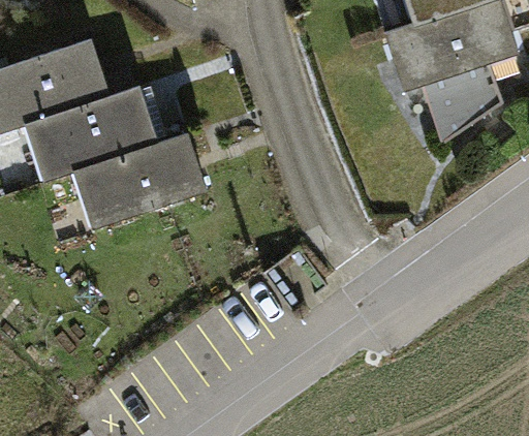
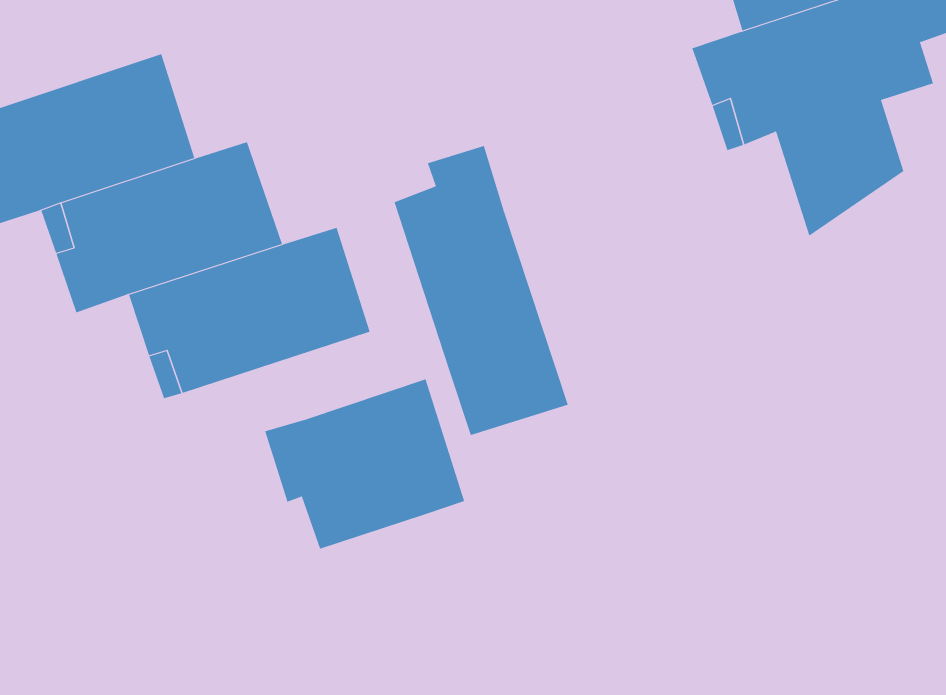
building: none -> [394,145,569,436]
building: none -> [264,378,465,549]

